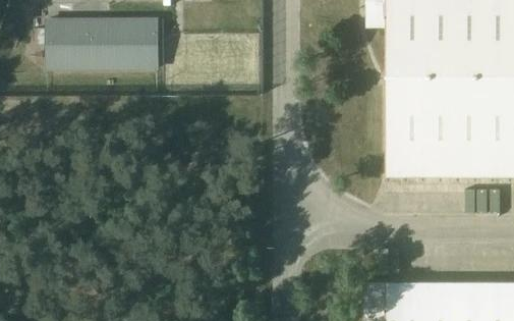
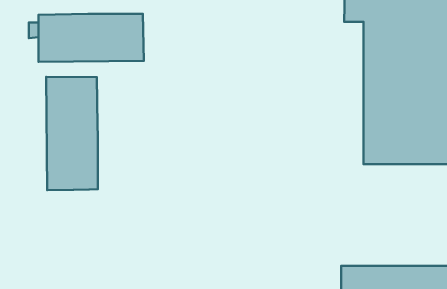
building: none -> [46,77,98,190]

